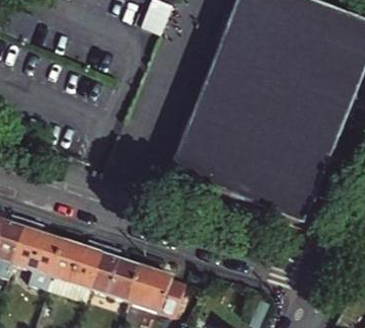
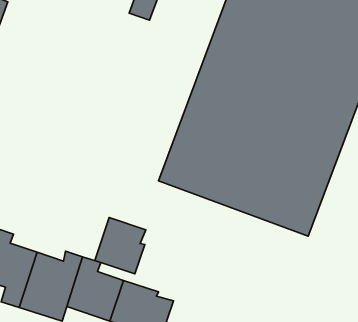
building: none -> [95,218,146,274]

